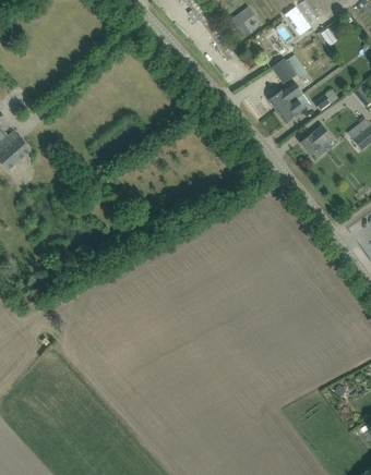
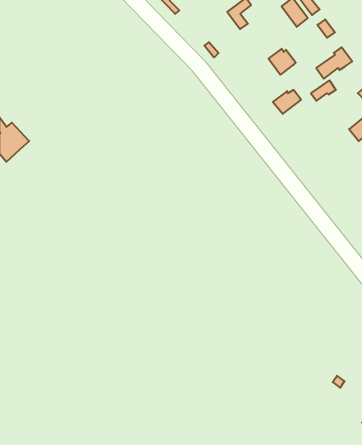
building: [267,78,303,110] -> [316,47,352,79]
building: [300,124,336,157] -> none

